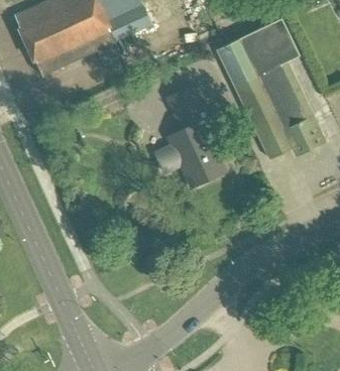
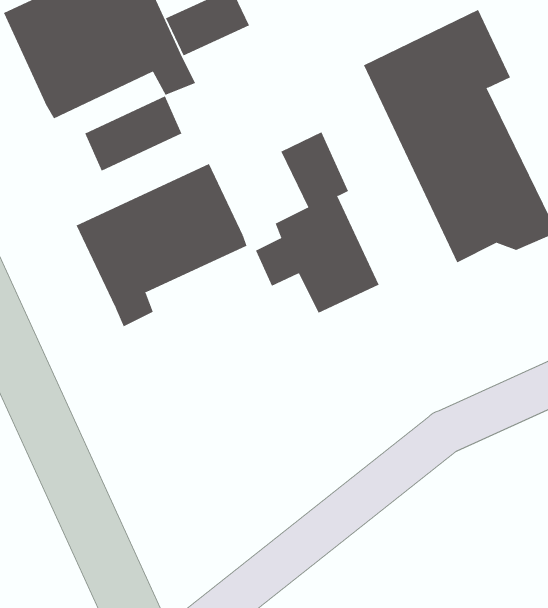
building: none -> [84,96,182,171]
building: none -> [76,163,247,327]

